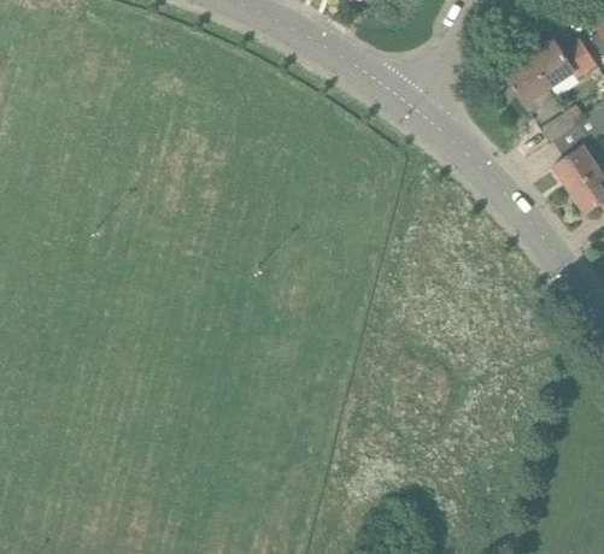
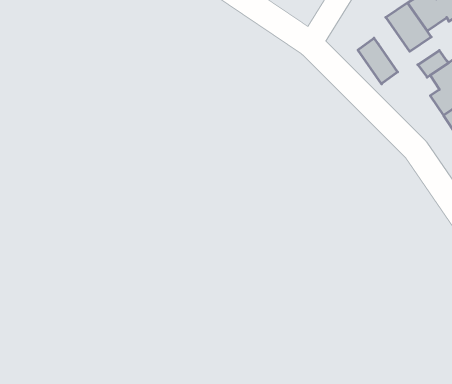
building: none -> [358,38,398,84]

